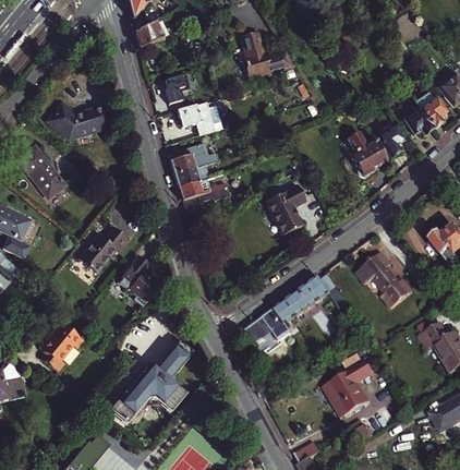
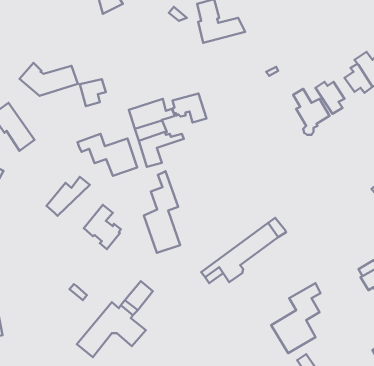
building: [161,74,190,104] -> [80,79,106,106]
building: [178,103,215,134] -> [172,93,207,122]
building: none -> [77,134,137,176]
building: [267,183,307,233] -> none
building: none -> [144,171,180,253]
building: [358,249,413,304] -> none
building: [38,320,82,367] -> none

